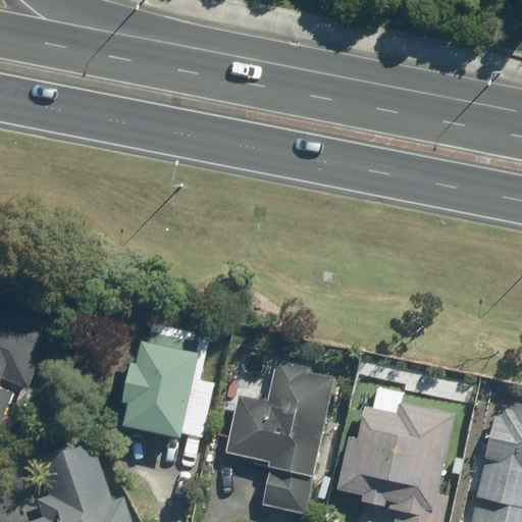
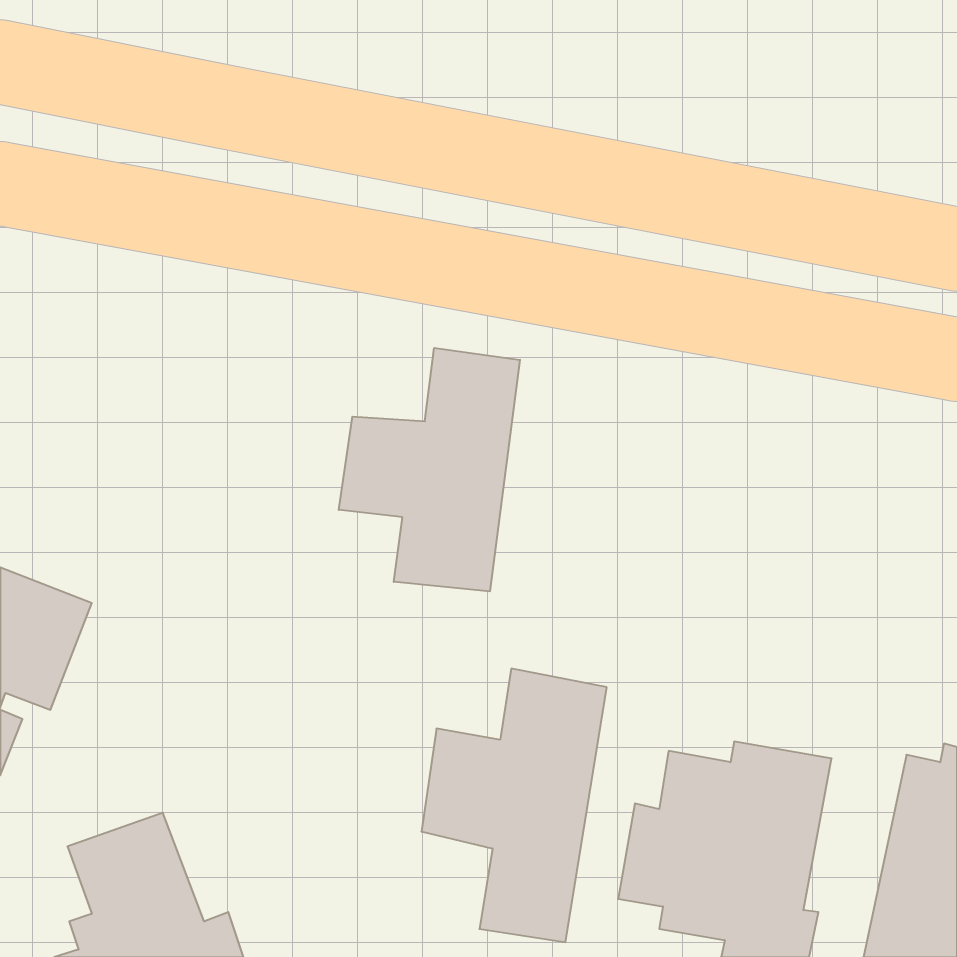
building: none -> [339,348,520,591]
building: [121,325,214,437] -> none

